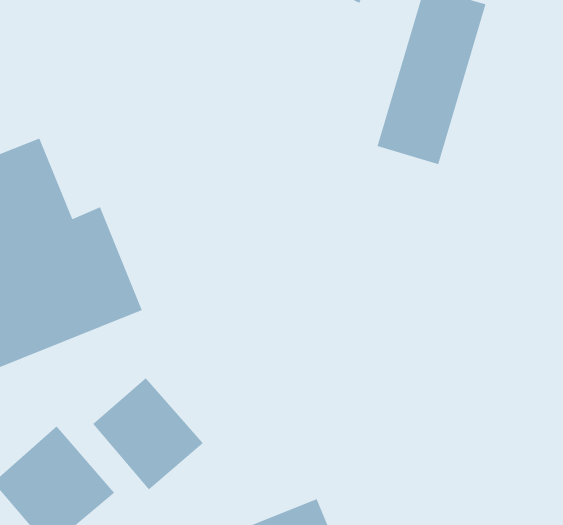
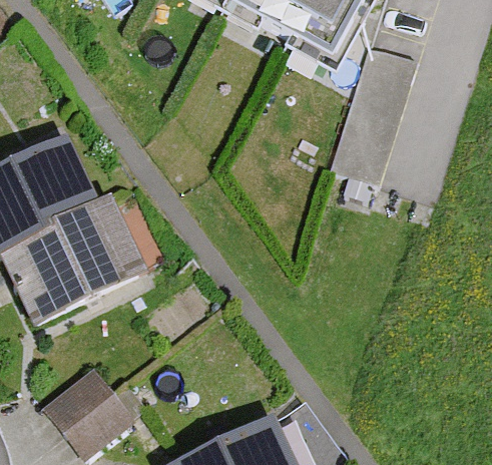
building: [92,377,204,491] -> none

